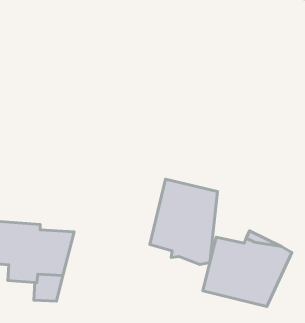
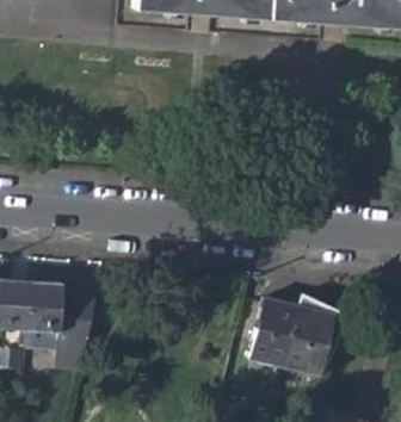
building: [150,179,217,264] -> none

